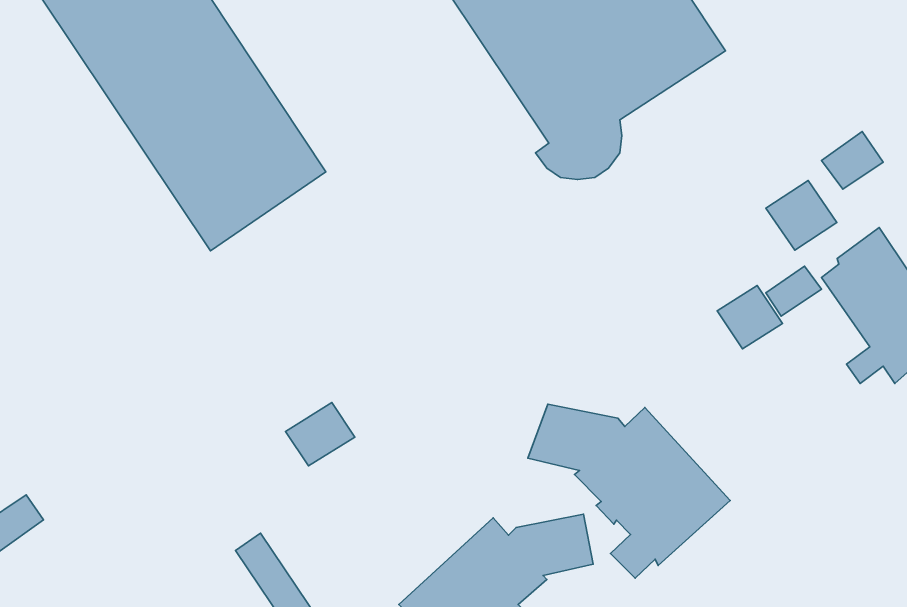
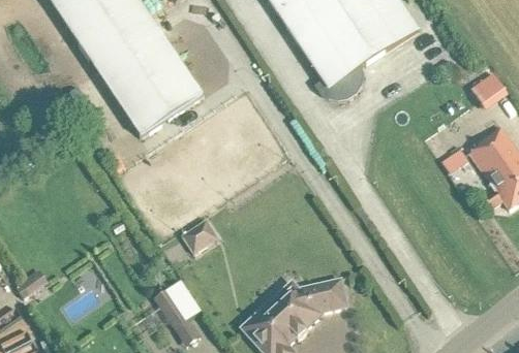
building: [766,181,837,250] -> none
building: [717,285,782,349] -> none
building: [528,404,730,578] -> none

